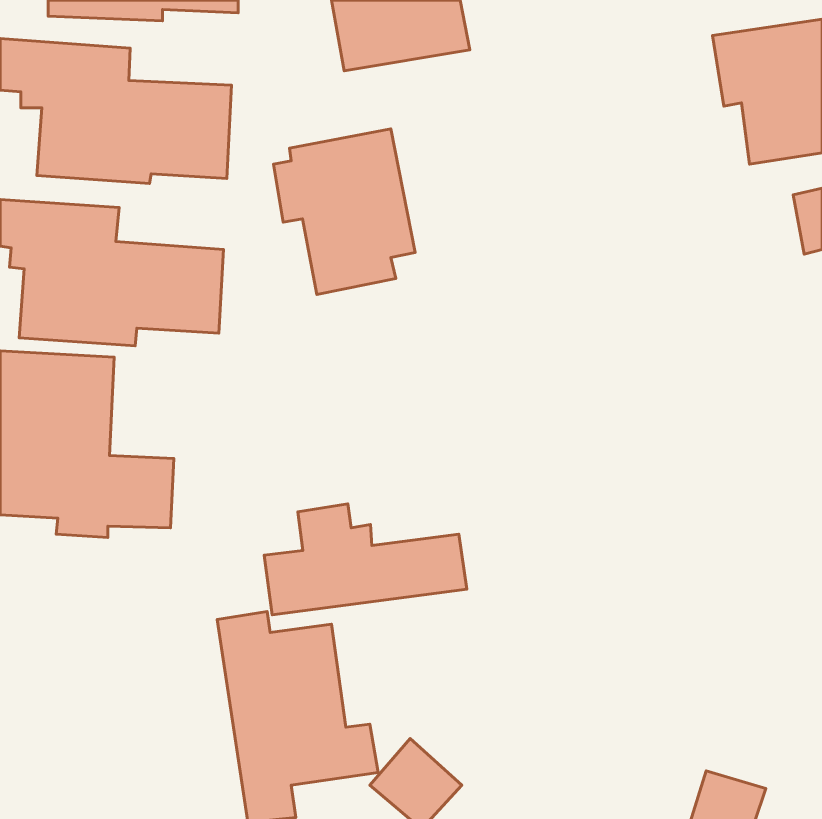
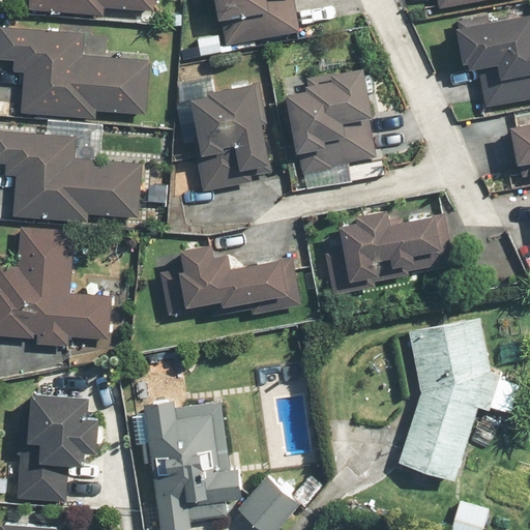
building: none -> [286,67,377,175]
building: none -> [323,210,444,298]
building: none -> [398,318,518,481]
building: [264,504,467,615] -> [157,241,288,313]
building: none -> [18,395,97,499]

